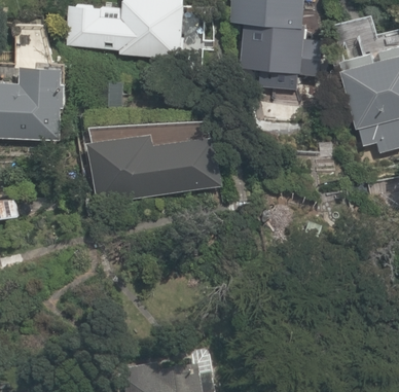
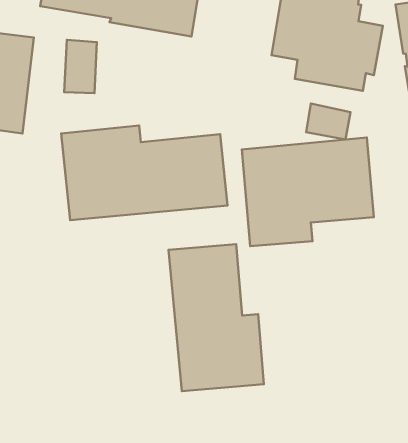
building: none -> [242,138,374,246]
building: none -> [169,244,264,391]

